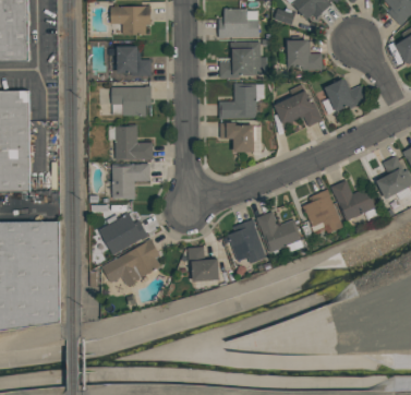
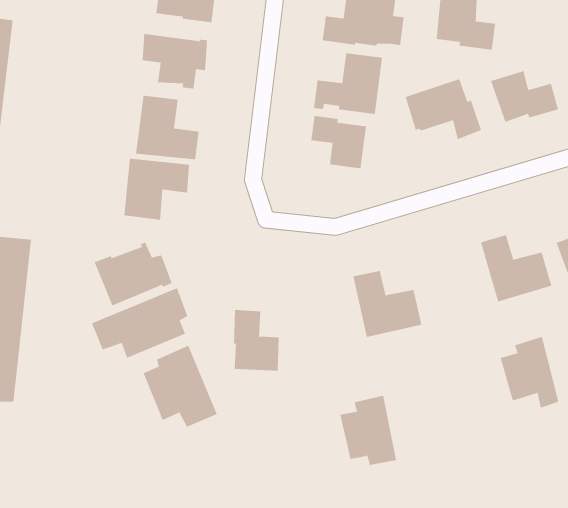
building: [302,190,341,234] -> [500,336,559,408]
building: [227,219,265,263] -> [340,395,397,465]
building: none -> [143,345,218,428]

